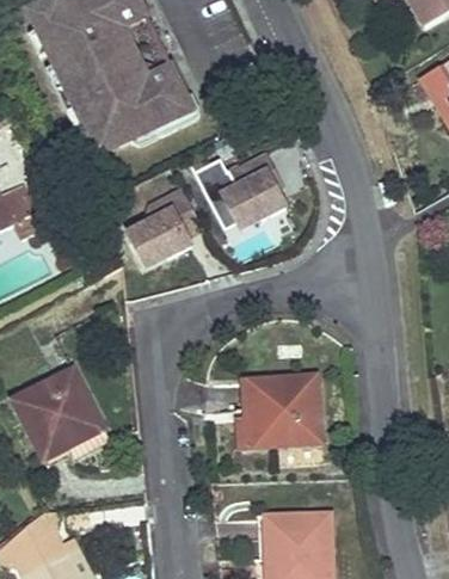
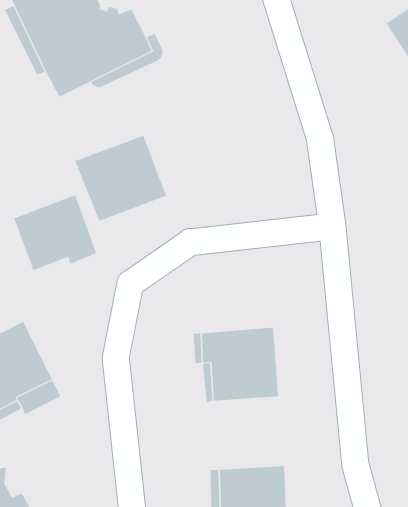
building: [195,149,293,241] -> none
building: none -> [13,195,97,271]

